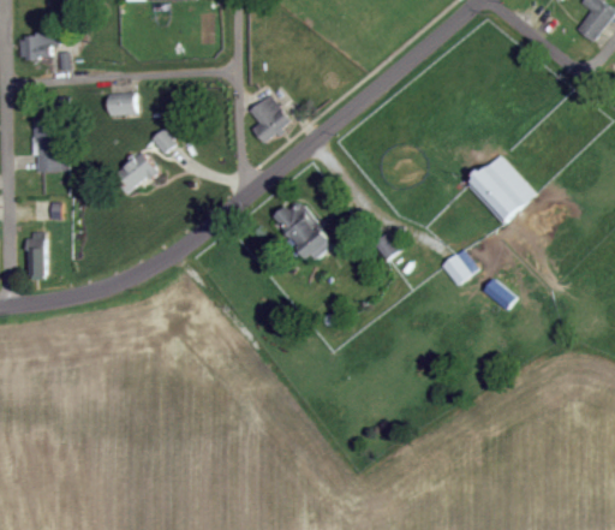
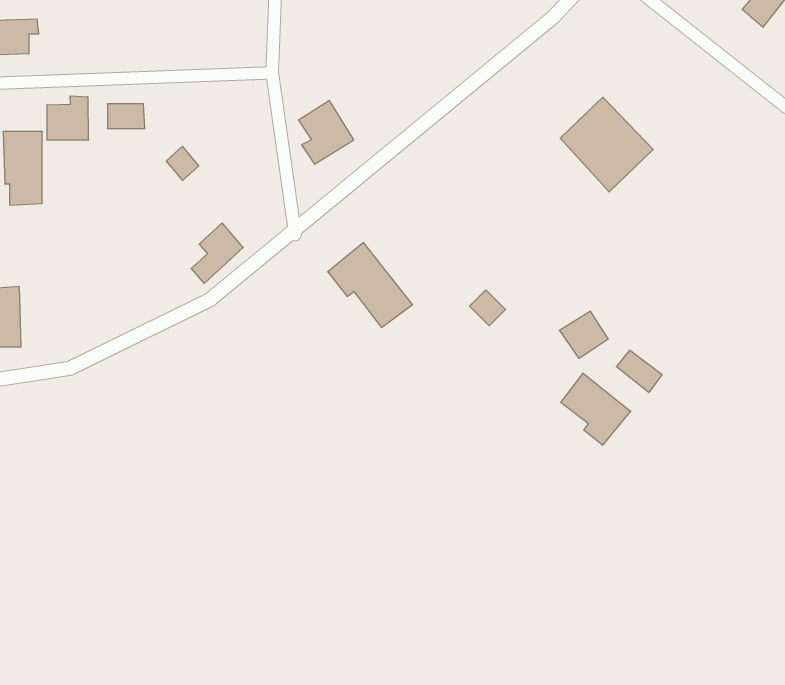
building: none -> [47,96,88,140]
building: [119,151,157,196] -> [191,223,243,283]
building: [467,155,536,225] -> [560,97,653,192]
building: none -> [561,373,631,445]

